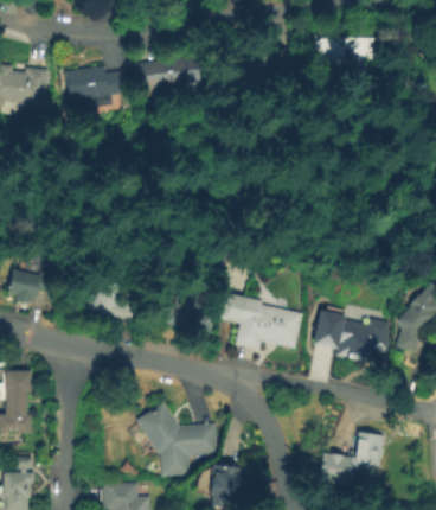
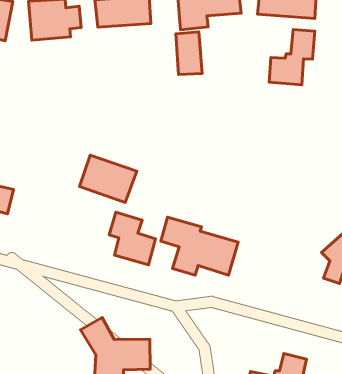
building: none -> [269,29,315,85]
building: none -> [176,32,202,74]
building: [84,276,145,325] -> [80,155,137,203]
building: [315,308,393,364] -> none

